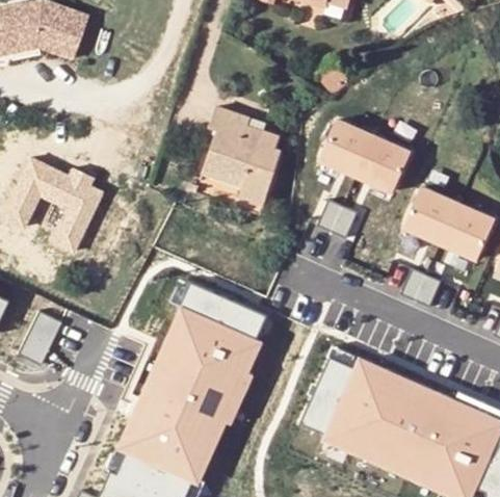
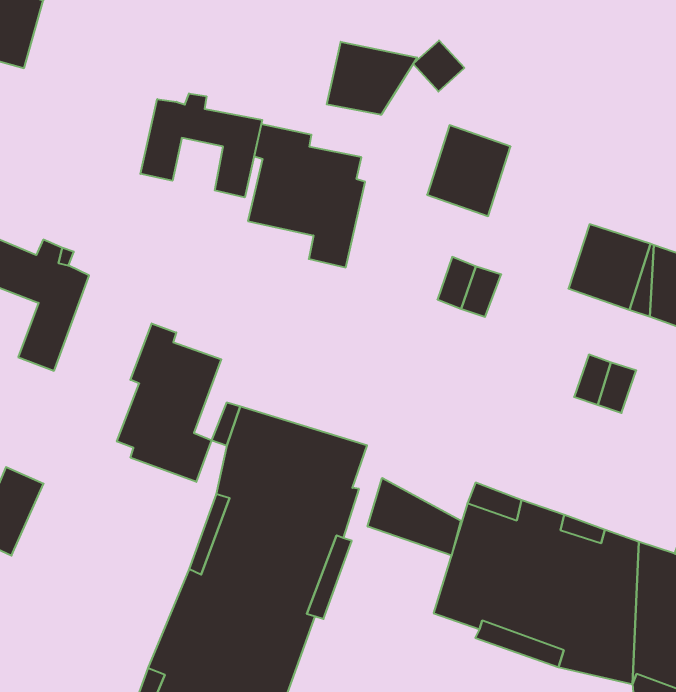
building: none -> [327,42,417,115]
building: none -> [140,93,262,197]
building: [356,135,411,194] -> none
building: none -> [117,323,221,482]
building: none -> [368,478,461,556]

